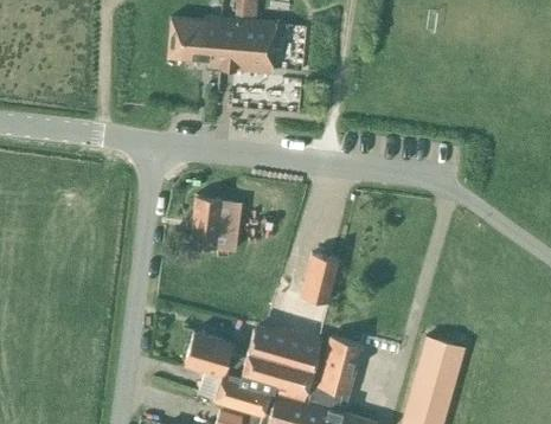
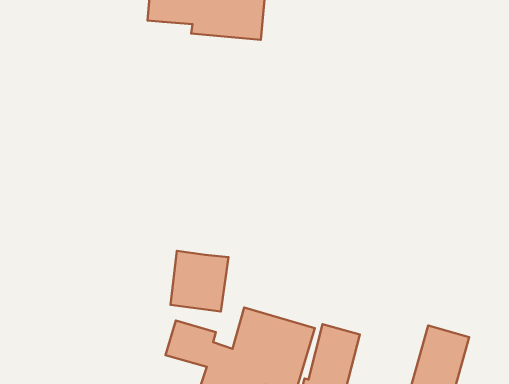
building: [190,197,243,252] -> [170,251,228,311]
building: [300,253,340,303] -> none

